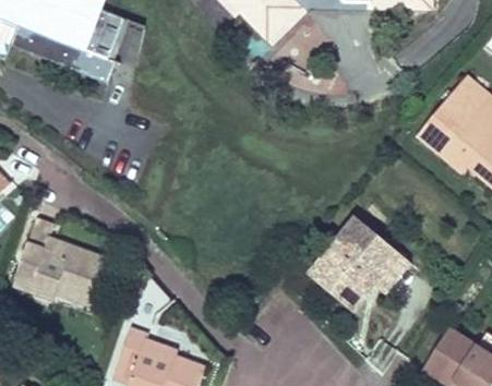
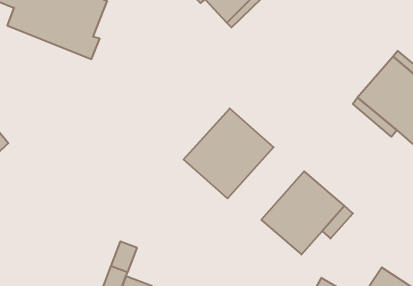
building: none -> [184,108,274,198]
building: [12,216,108,307] -> none

